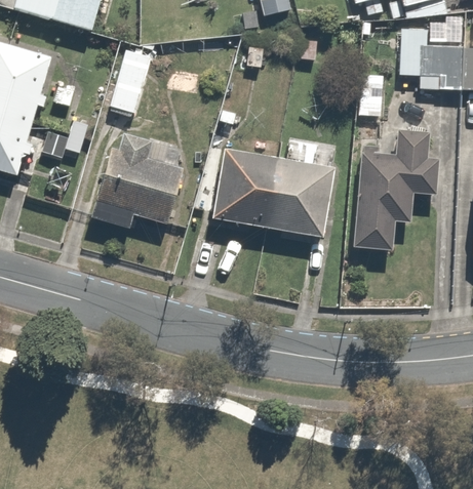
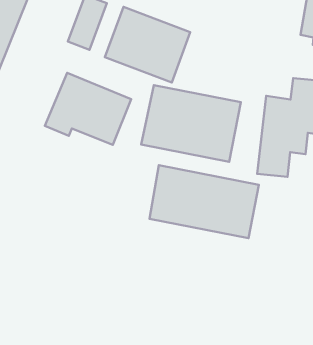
building: none -> [105,7,190,82]
building: none -> [149,165,259,238]

